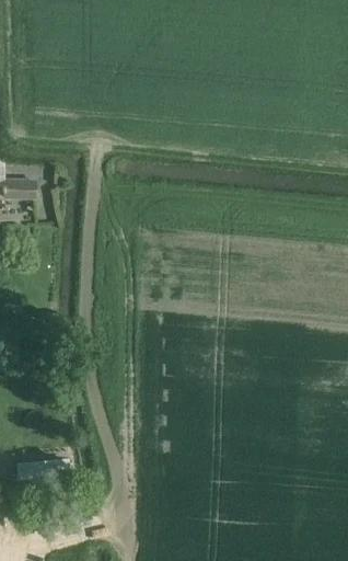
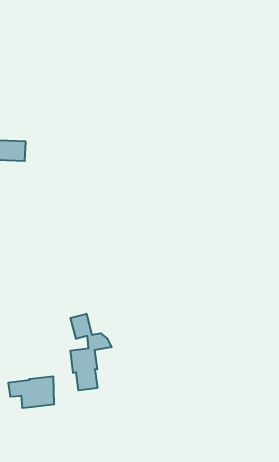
building: none -> [71,314,112,390]

